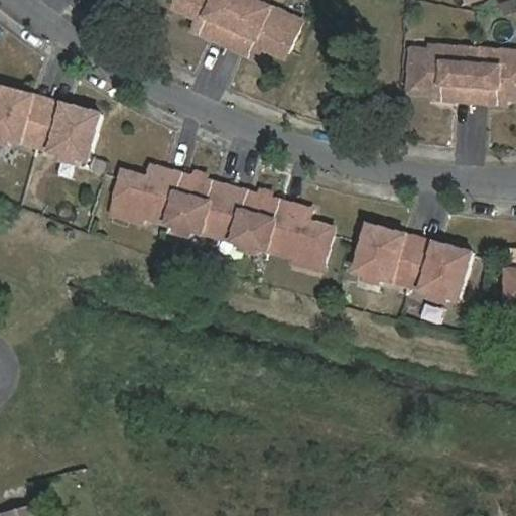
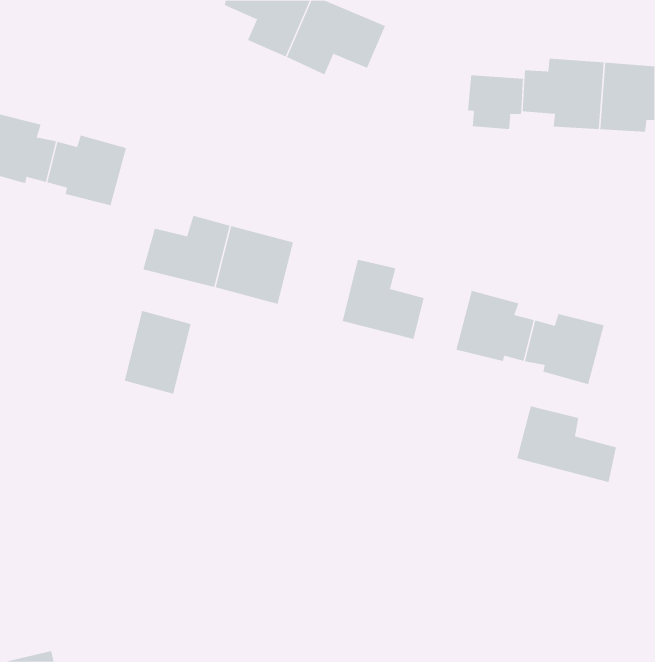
building: none -> [468,75,524,130]
building: [217,188,278,250] -> none
building: none -> [124,310,191,394]
building: none -> [517,406,617,483]

